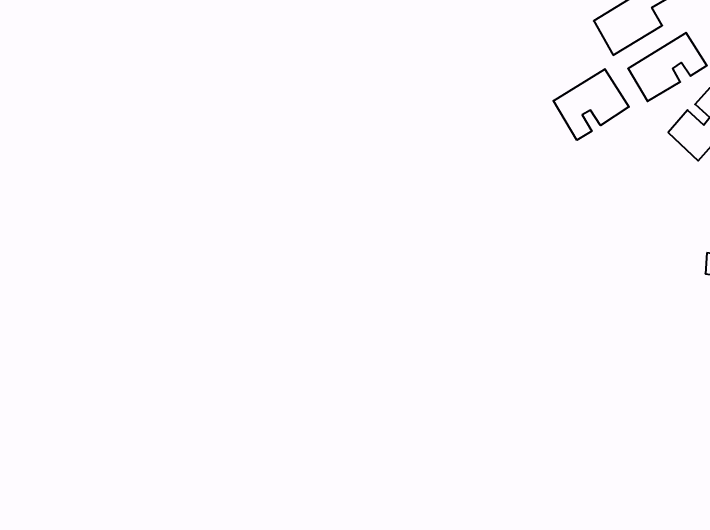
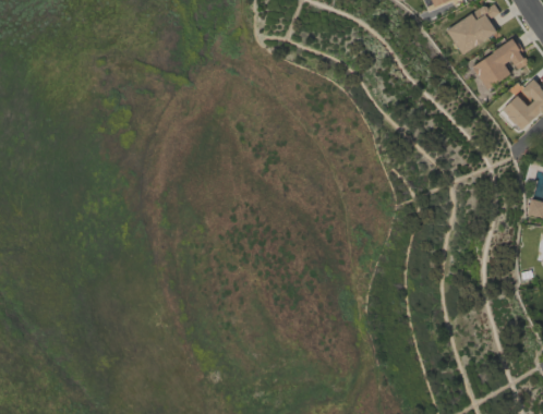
building: [553,69,629,140] -> none

